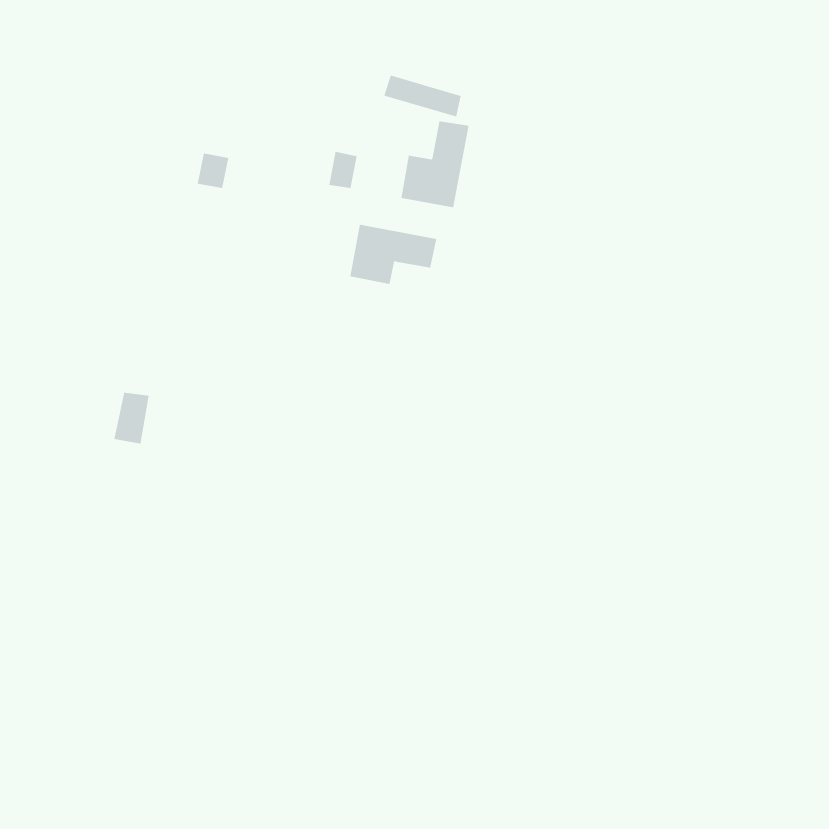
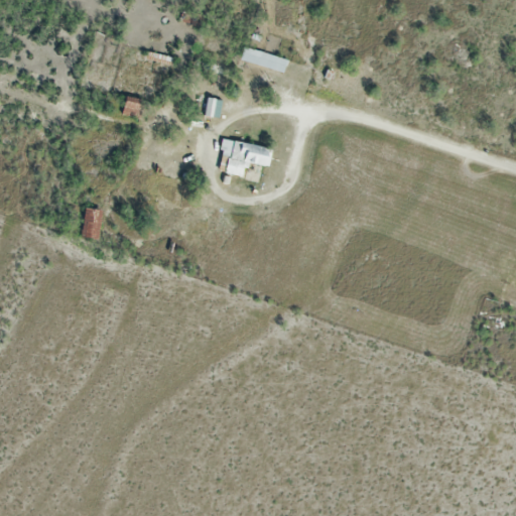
building: [401,121,469,208] -> none
building: [114,392,149,444] -> [82,206,104,238]

